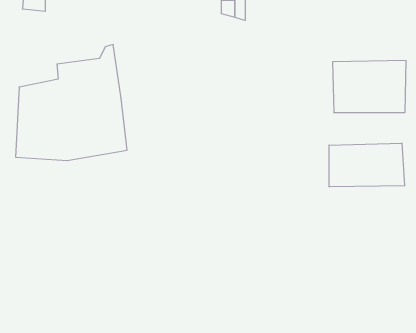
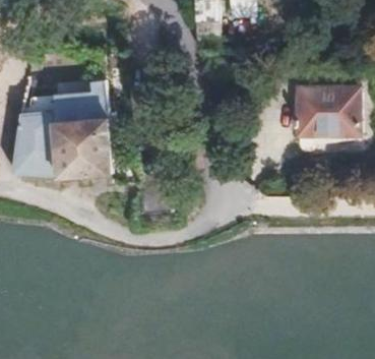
building: [329,143,405,187] -> none

